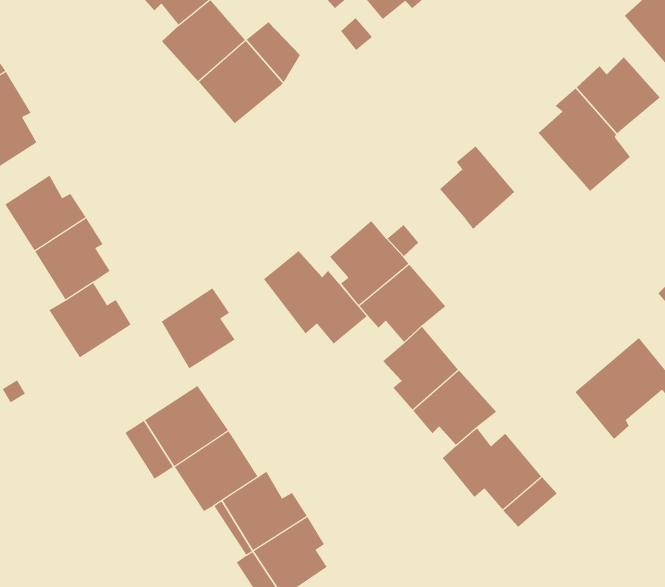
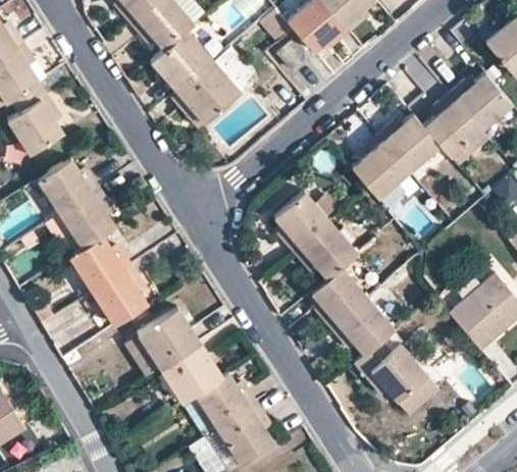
building: none -> [378,115,448,183]
building: [263,250,367,344] -> none
building: [161,288,235,369] -> [92,267,146,326]

